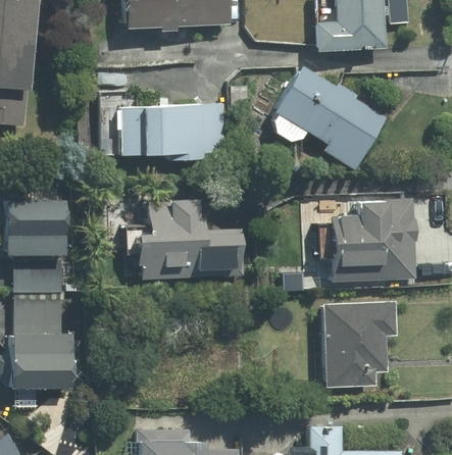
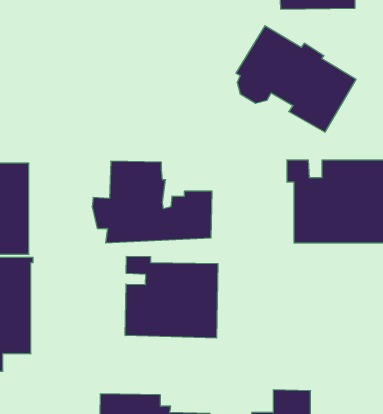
building: [100,88,232,165] -> none
building: none -> [125,256,218,338]
building: [319,302,402,388] -> none

